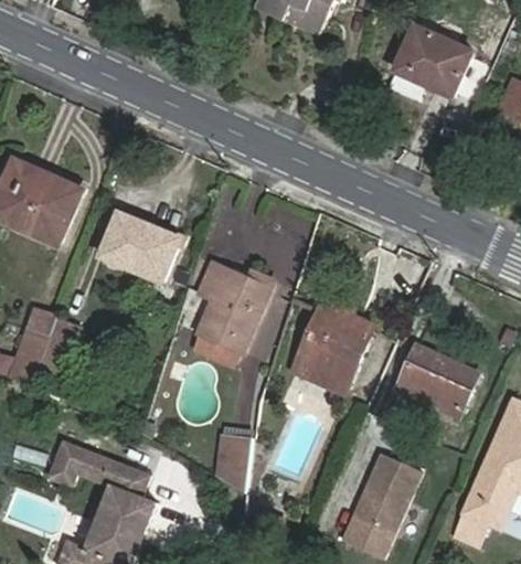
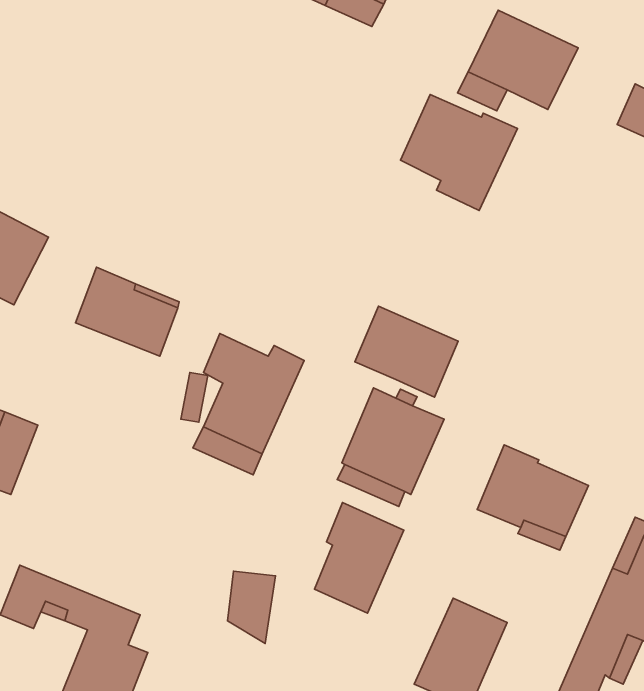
building: none -> [400,94,518,210]
building: none -> [355,306,458,397]
building: none -> [314,502,404,613]

